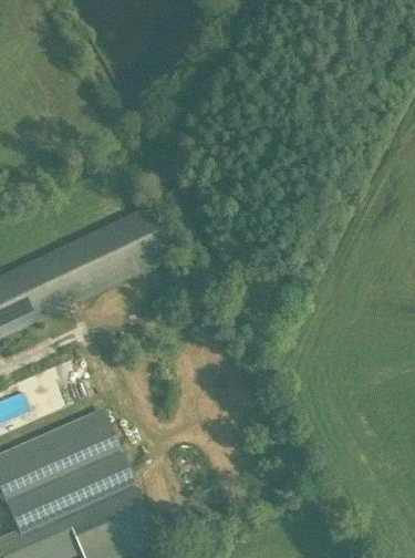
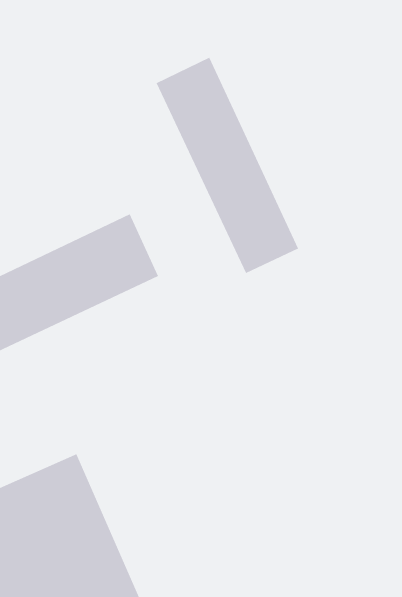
building: none -> [156,57,299,274]

